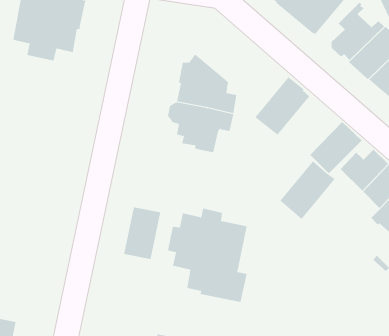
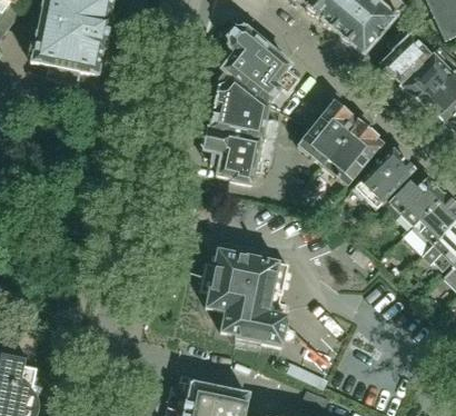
building: none -> [220,26,298,106]
building: [279,160,335,220] -> [321,120,383,186]
building: [124,207,161,260] -> none

